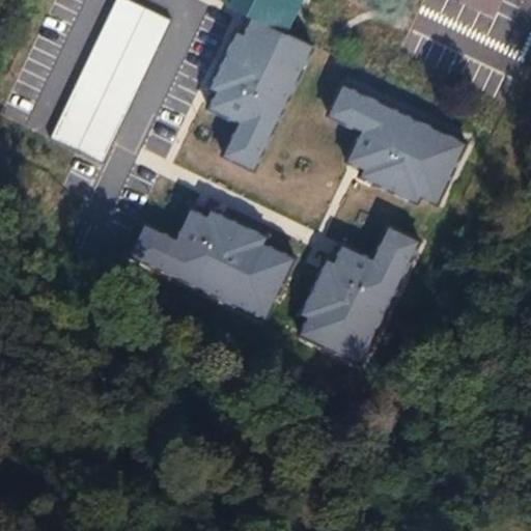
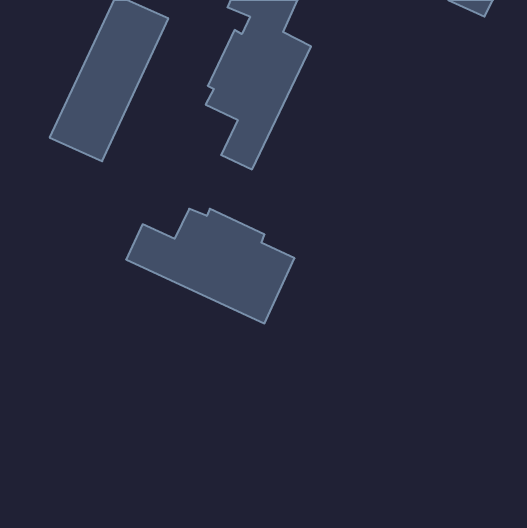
building: [326,80,470,206] -> none
building: [299,223,421,366] -> none

